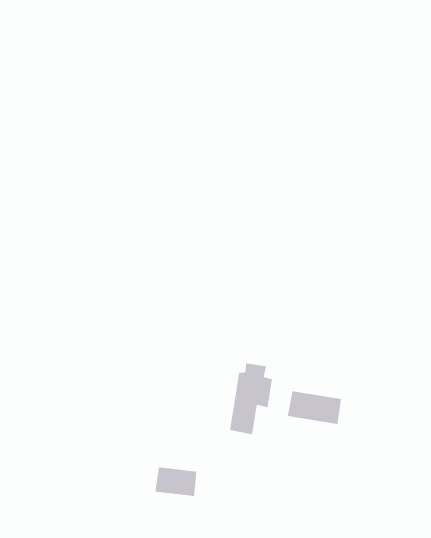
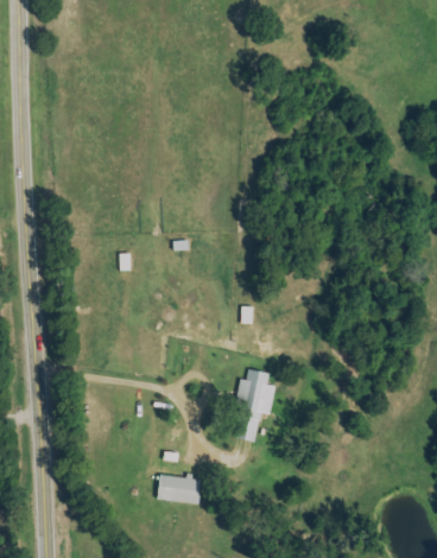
building: [287,390,342,425] -> none

